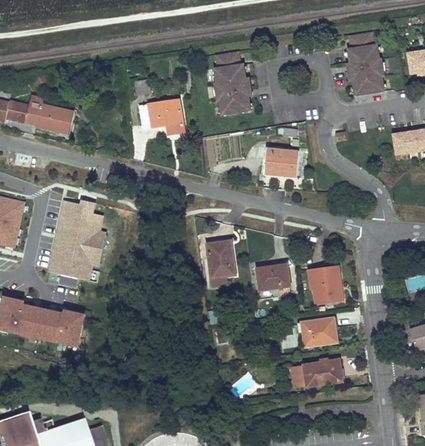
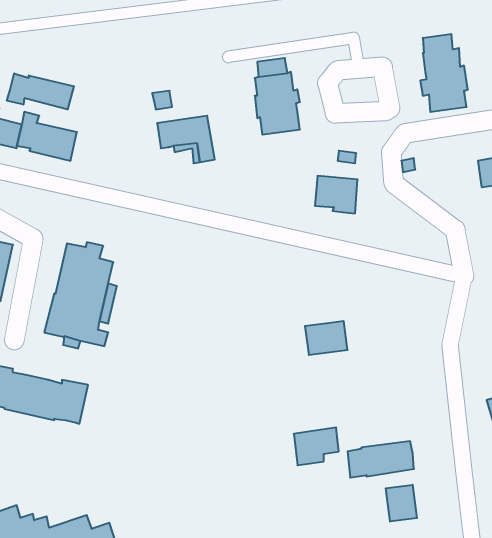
building: none -> [7,73,74,109]
building: [206,242,234,276] -> none
building: [312,264,341,304] -> none
building: [301,317,337,347] -> [294,428,339,465]
building: none -> [386,485,417,522]

